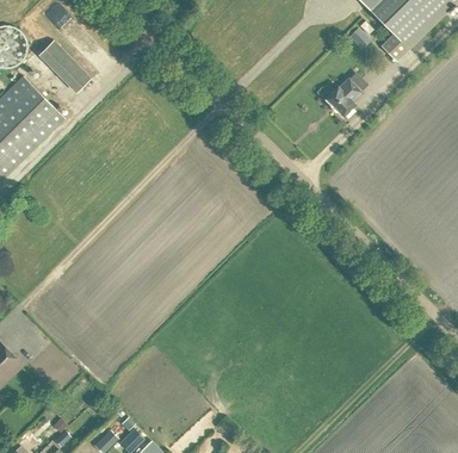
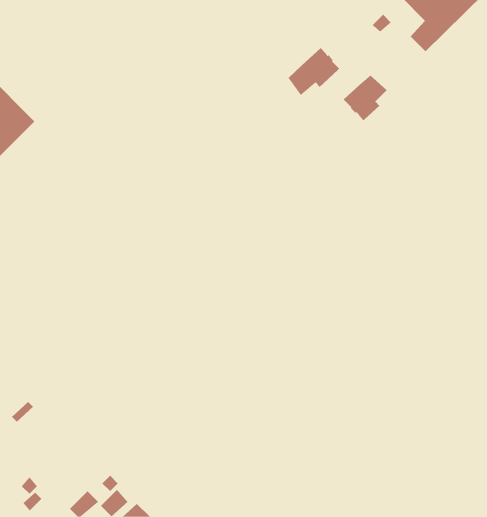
building: [42,38,94,91] -> none
building: none -> [288,46,340,96]

